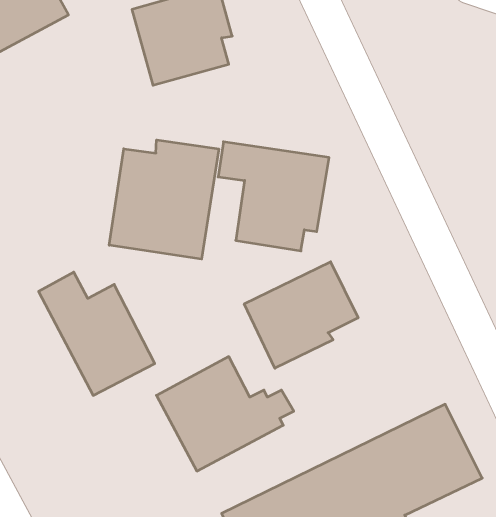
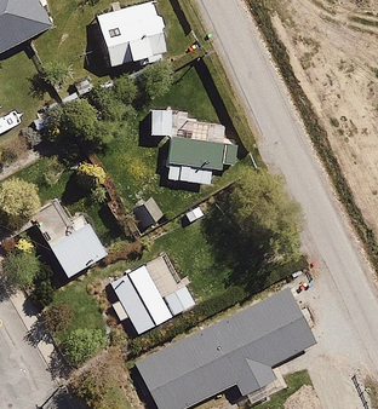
building: [109,140,219,259] -> none
building: [244,262,358,368] -> none

